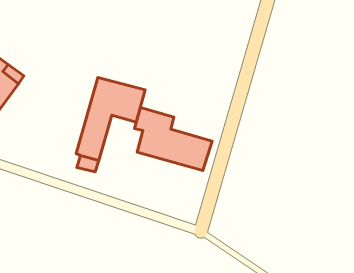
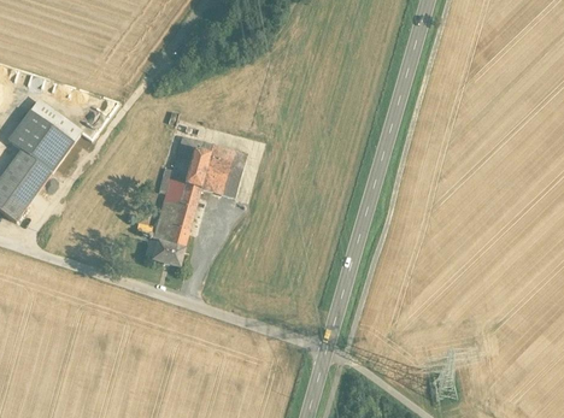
building: [135,108,212,170] -> none

